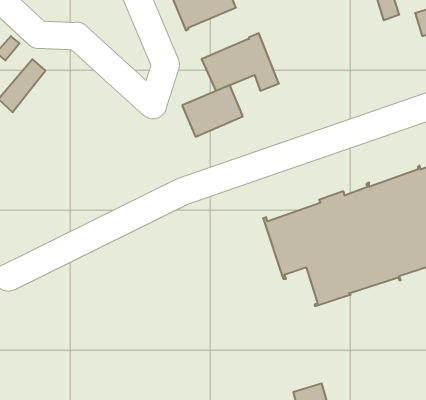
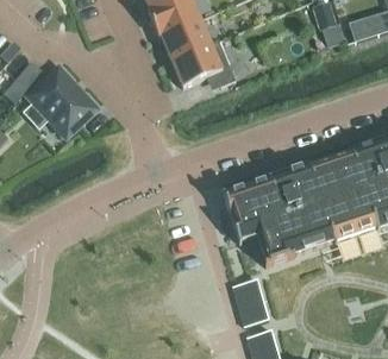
building: none -> [26,65,96,136]
building: [182,85,243,137] -> [159,17,209,59]
building: none -> [232,277,268,325]

